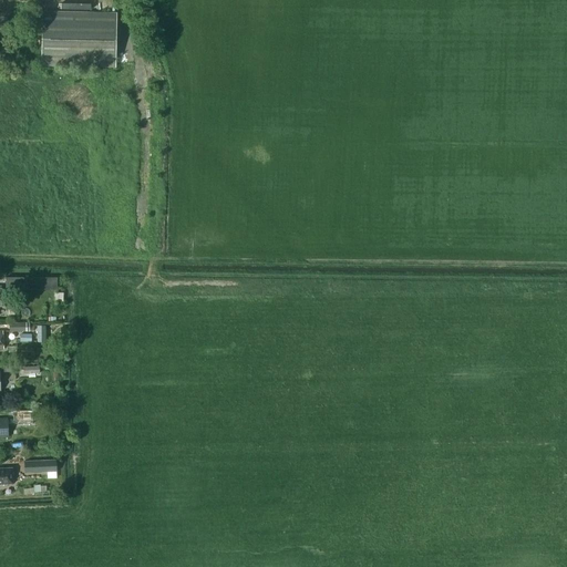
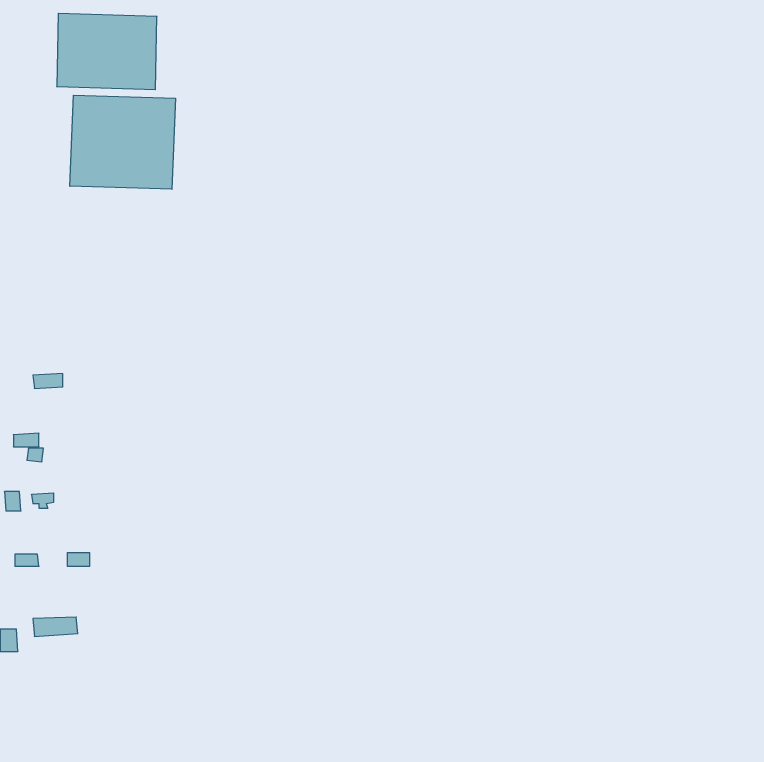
building: none -> [70,95,175,189]

